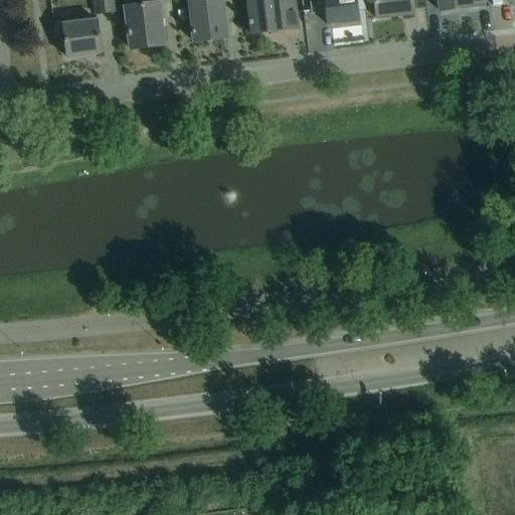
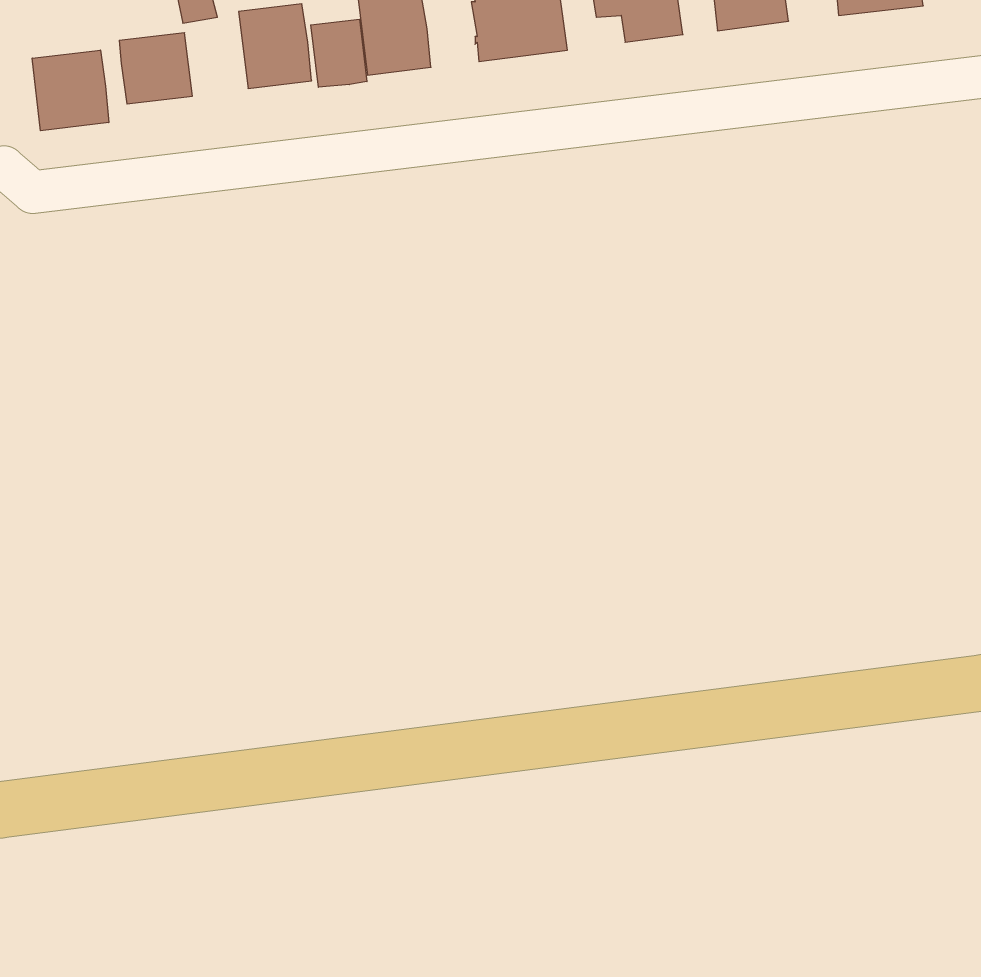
building: none -> [311,19,367,87]
building: none -> [32,50,109,131]

